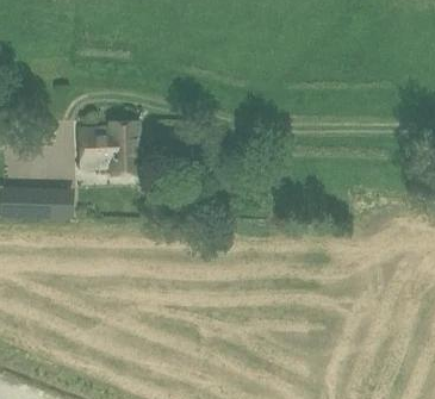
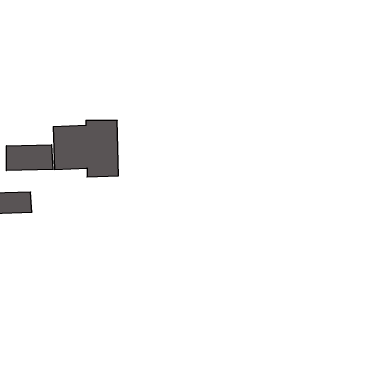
building: none -> [6,145,53,171]

